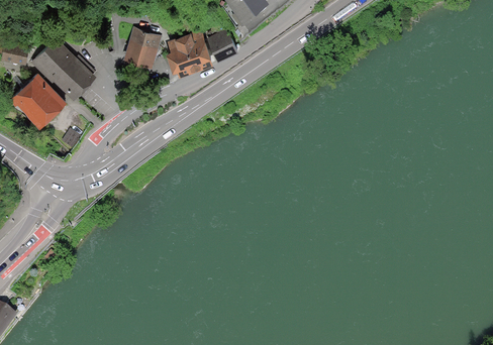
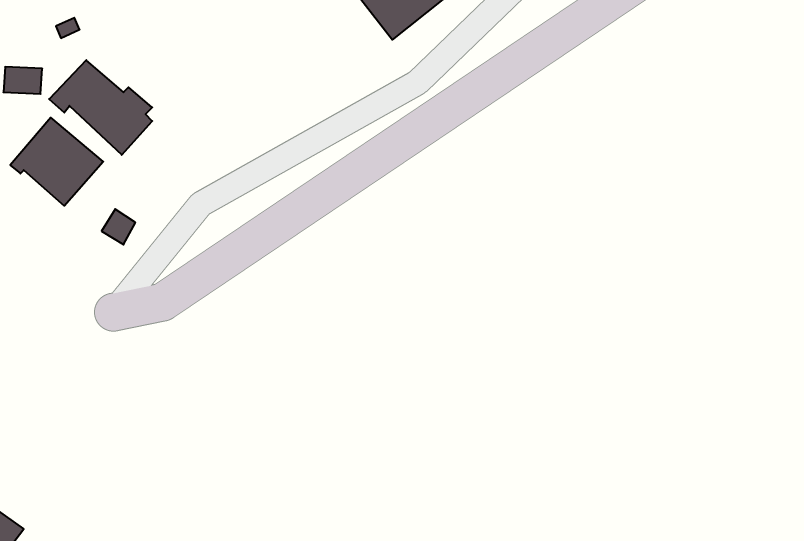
building: [125,24,158,67] -> none
building: [208,31,235,59] -> none
building: [171,36,210,74] -> none

